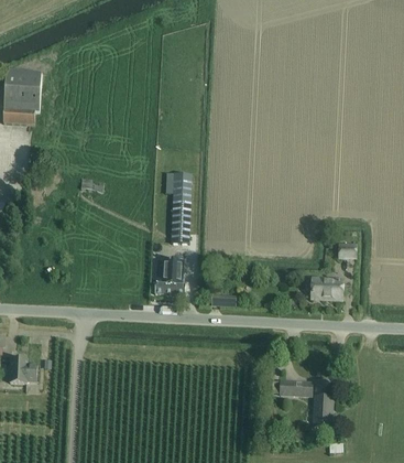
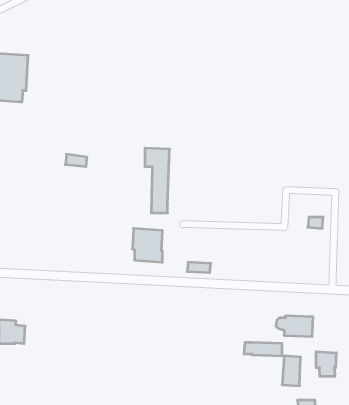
building: [303,277,342,299] -> [276,316,313,337]
building: none -> [316,352,336,376]

